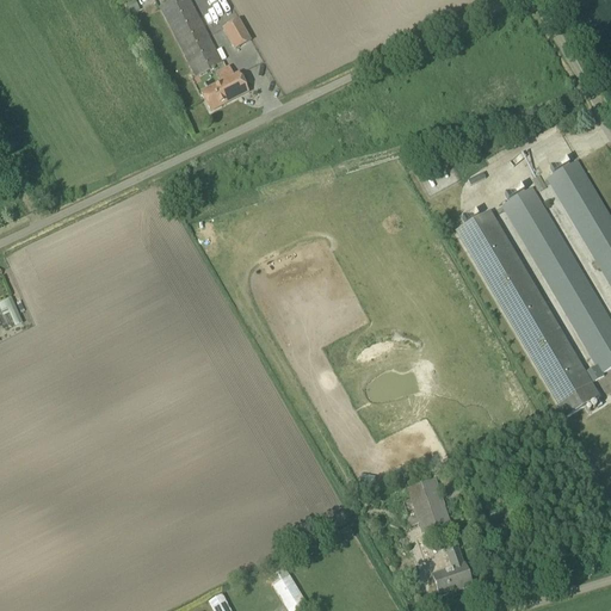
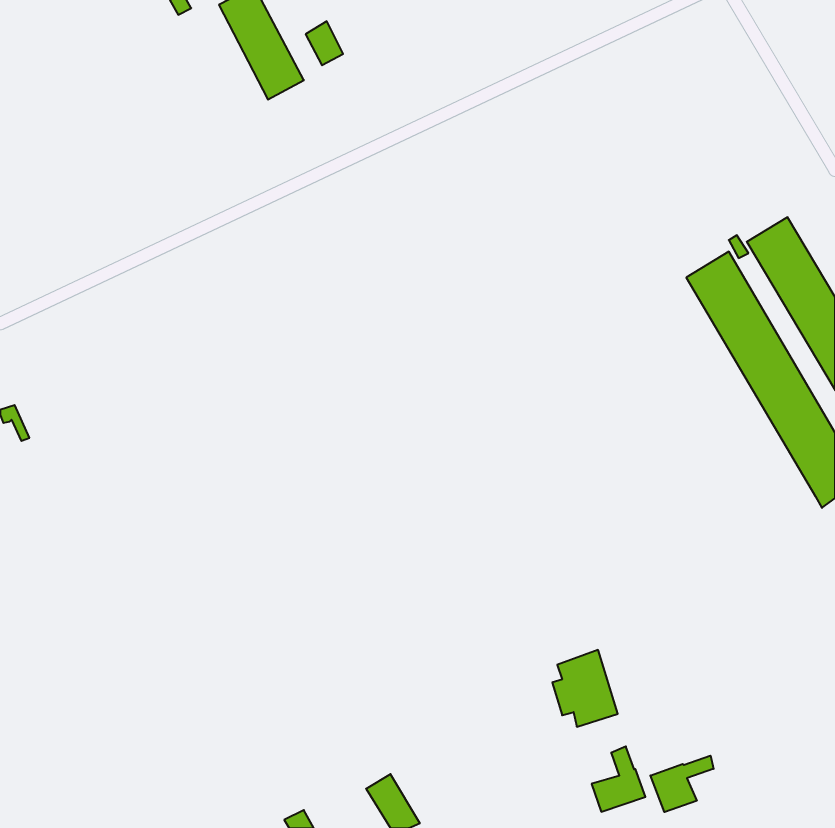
building: [200,69,247,107] -> none
building: [456,209,603,415] -> none
building: none -> [650,756,714,812]

